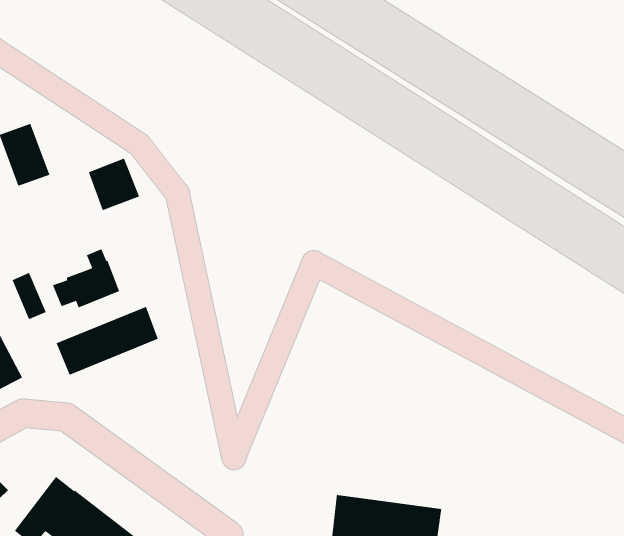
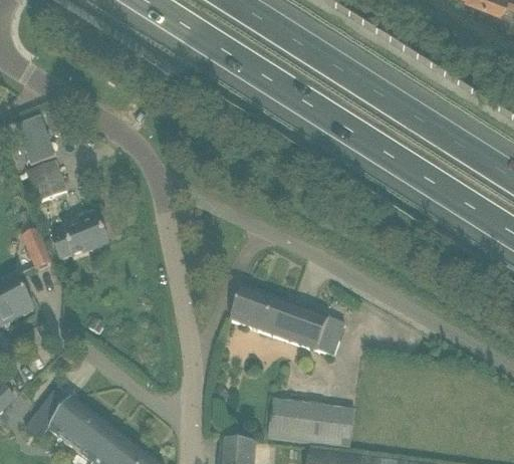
building: [88,157,140,211] -> [26,159,66,200]
building: [56,306,159,376] -> none
building: none -> [229,285,344,356]

